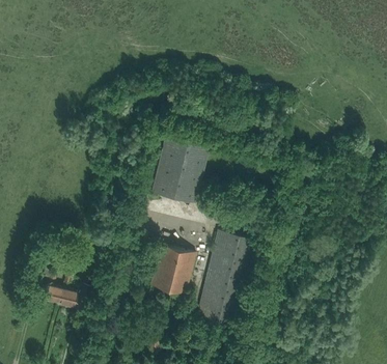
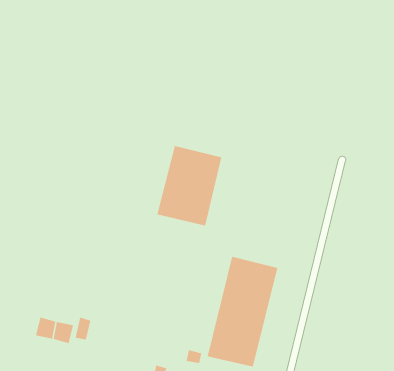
building: [149,245,195,293] -> none

